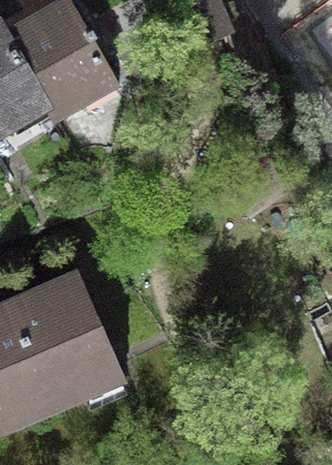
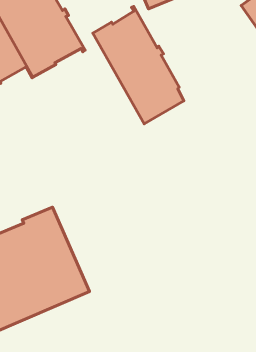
building: none -> [93,6,184,124]

